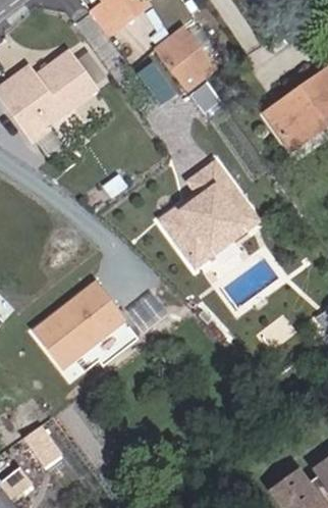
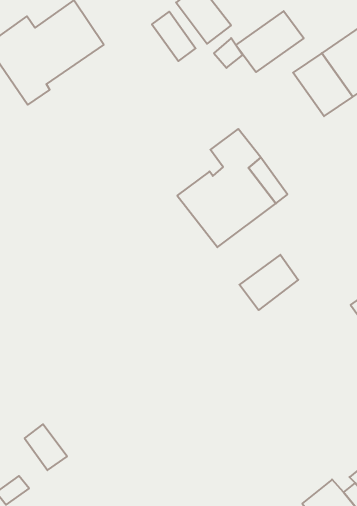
building: none -> [236,11,304,72]
building: none -> [239,255,298,310]
building: [34,284,122,366] -> none

